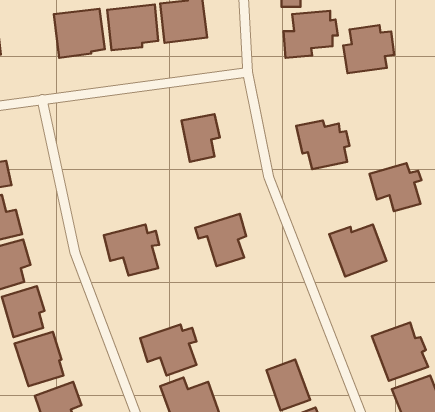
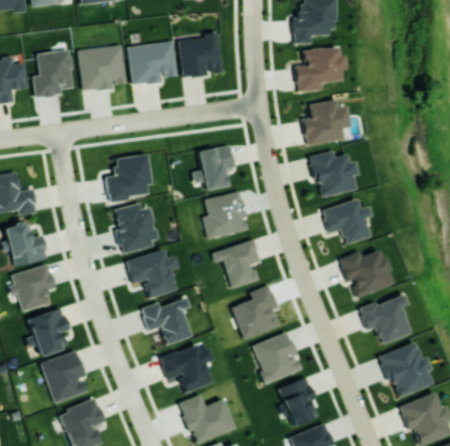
building: none -> [32,50,73,99]
building: [343,25,394,73] -> [302,100,350,145]
building: none -> [105,154,150,202]
building: [369,163,422,211] -> [321,199,370,245]
building: none -> [202,192,248,239]
building: none -> [113,204,156,253]
building: none -> [232,285,280,339]
building: none -> [358,294,410,344]
building: none -> [140,298,190,344]
building: none -> [252,332,301,384]

